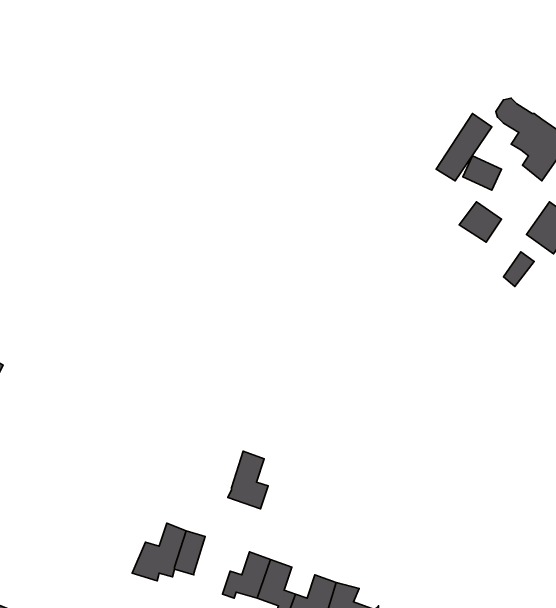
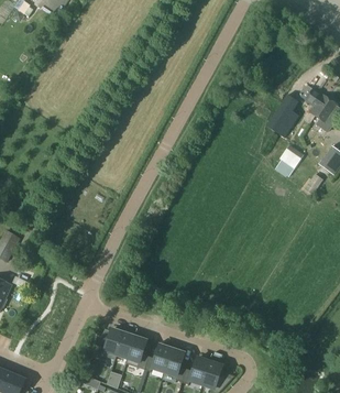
building: [228,451,268,509] -> [125,336,149,369]

